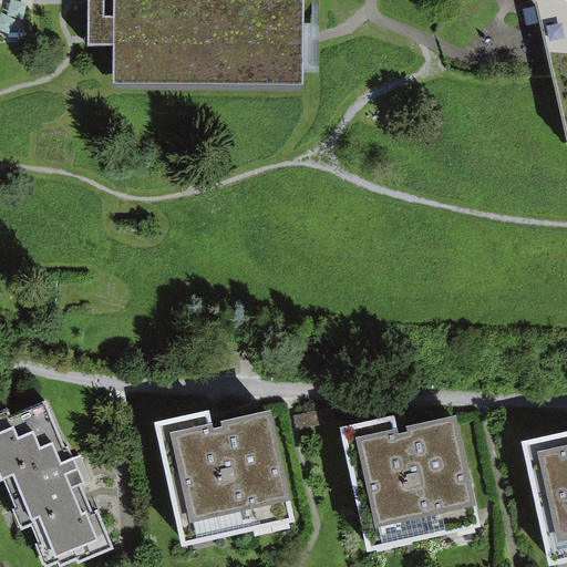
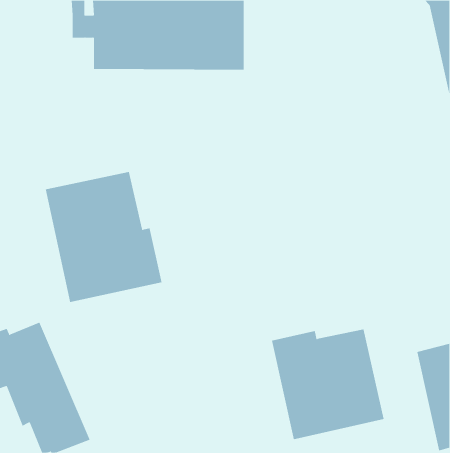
building: none -> [45,171,162,303]
building: [155,405,296,544] -> none

